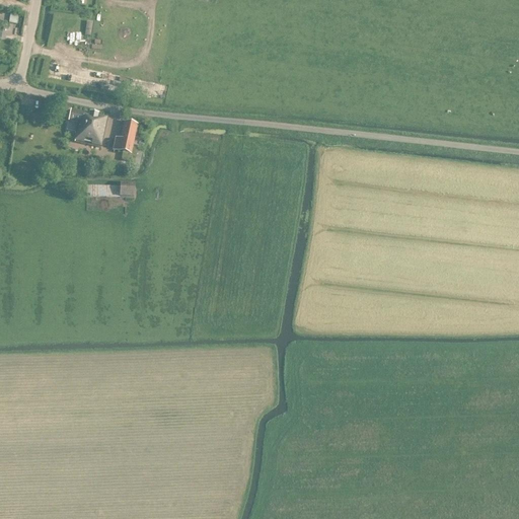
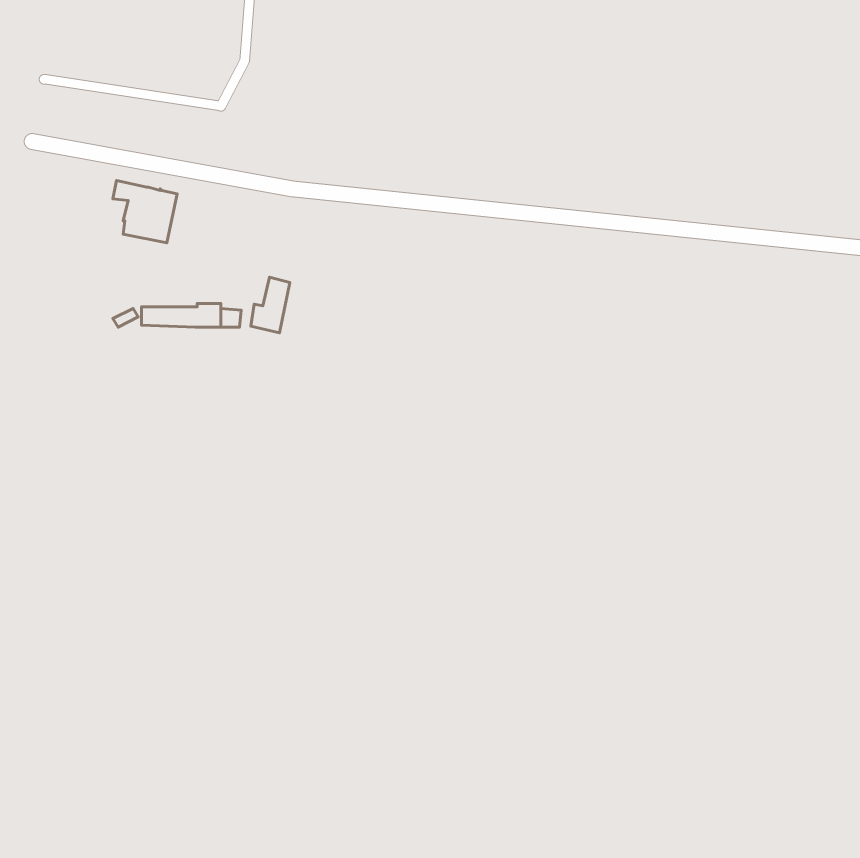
building: [114,120,137,153] -> [251,277,290,333]

